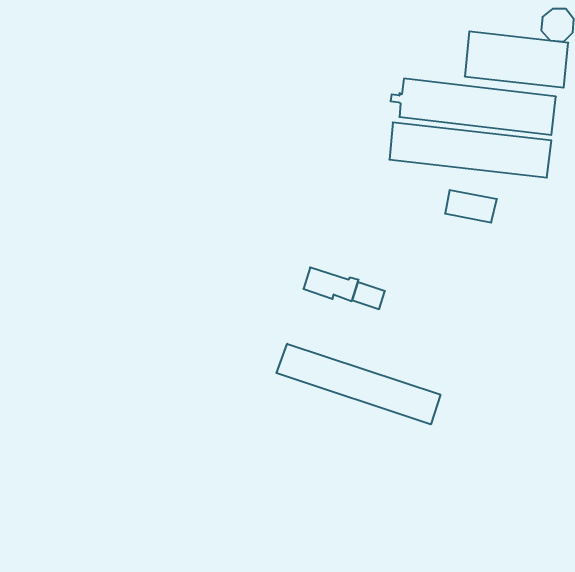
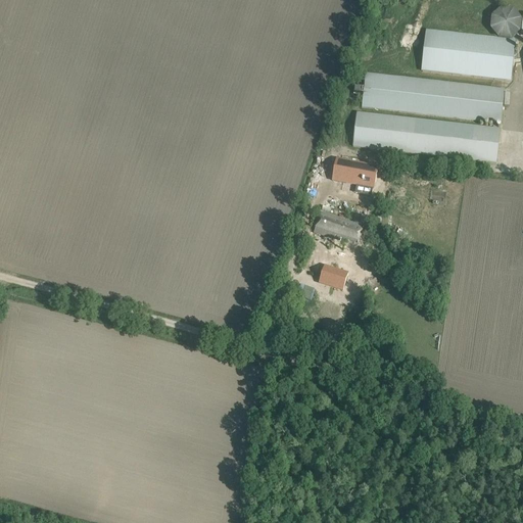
building: [445,190,497,223] -> [331,156,378,186]
building: [303,267,359,301] -> [314,211,364,242]
building: [276,344,440,424] -> none

